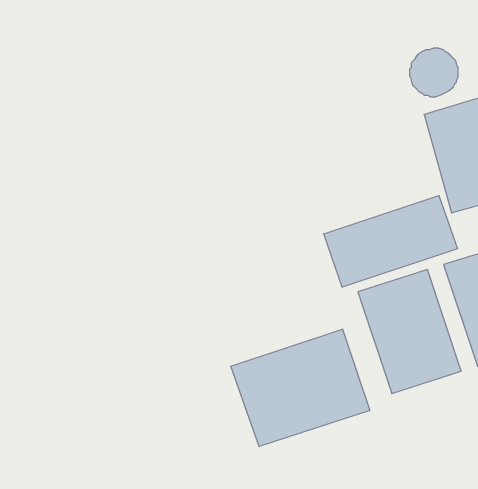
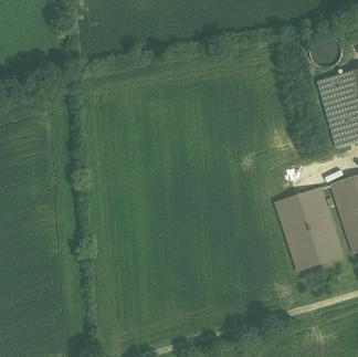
building: [324,195,457,287] -> none
building: [231,329,370,447] -> none

